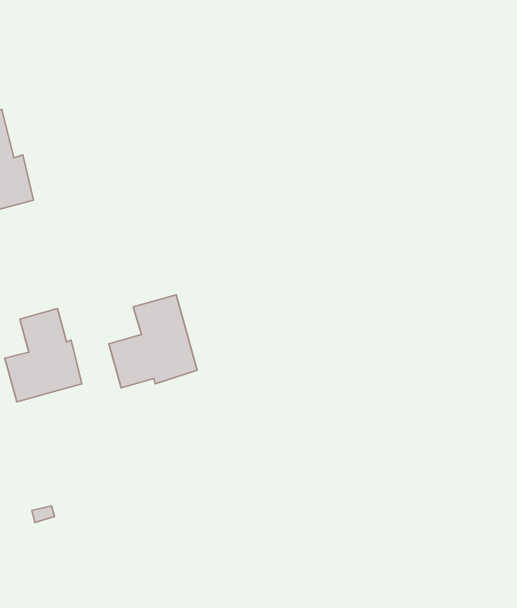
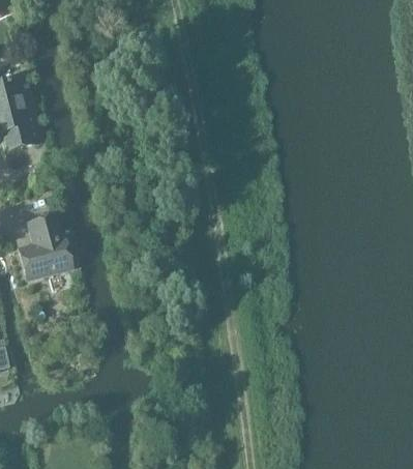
building: [109,295,197,388] -> none

